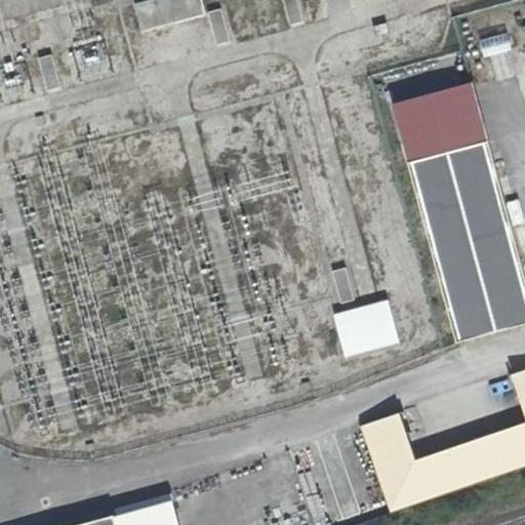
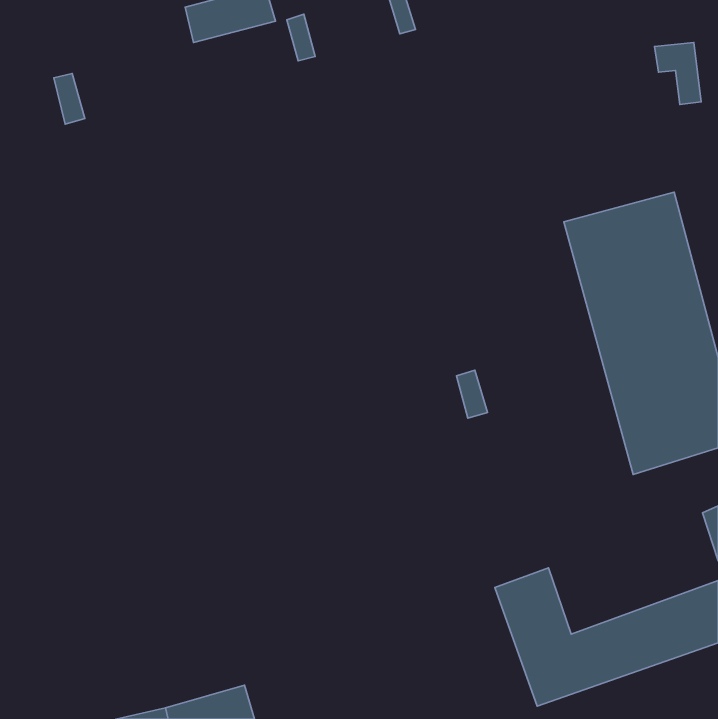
building: [393,80,489,161] -> none
building: [334,298,400,355] -> none

